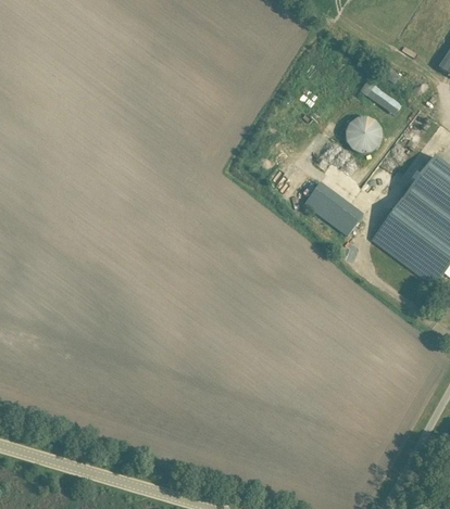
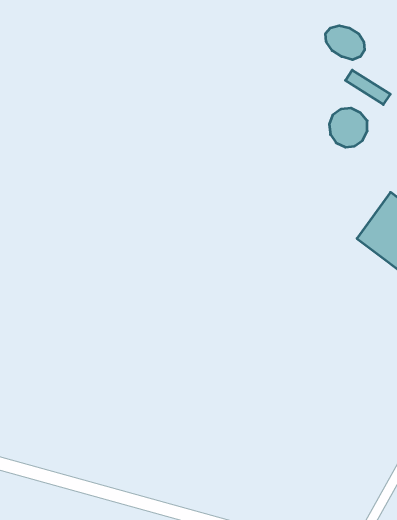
building: none -> [326,26,365,60]
building: [303,180,364,236] -> none

